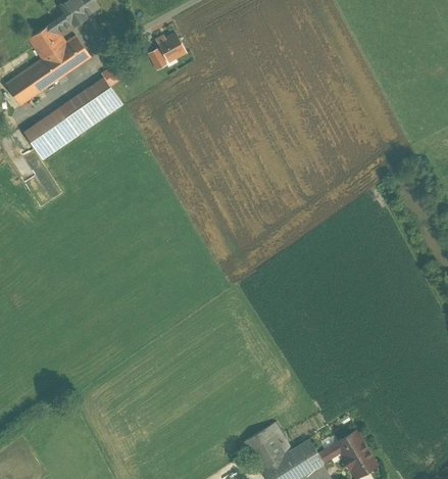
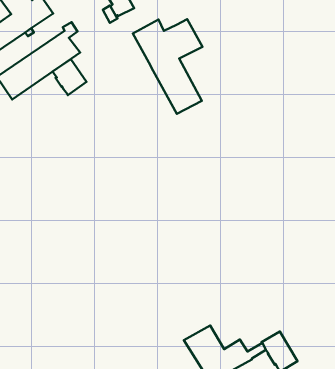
building: none -> [133,19,202,114]
building: none -> [53,59,86,95]

